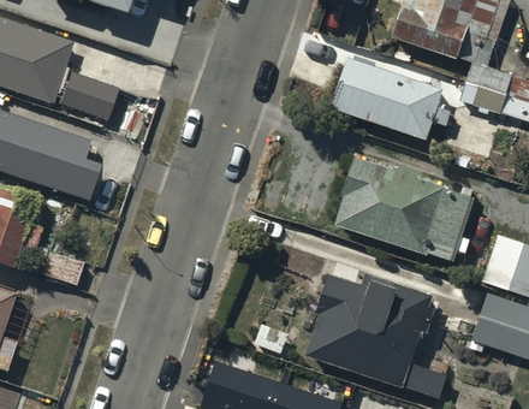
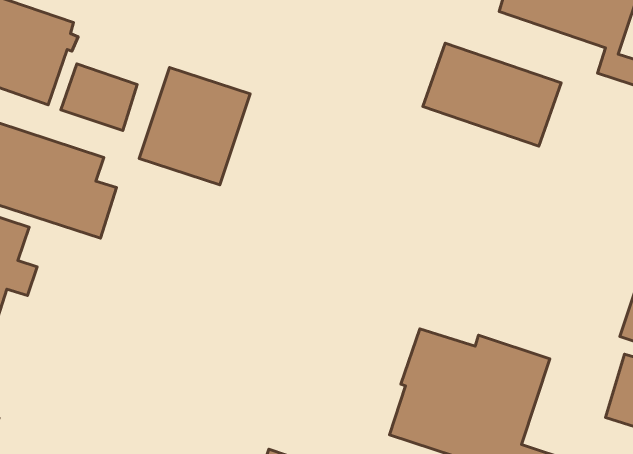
building: none -> [139,67,250,185]
building: [333,155,474,257] -> none

